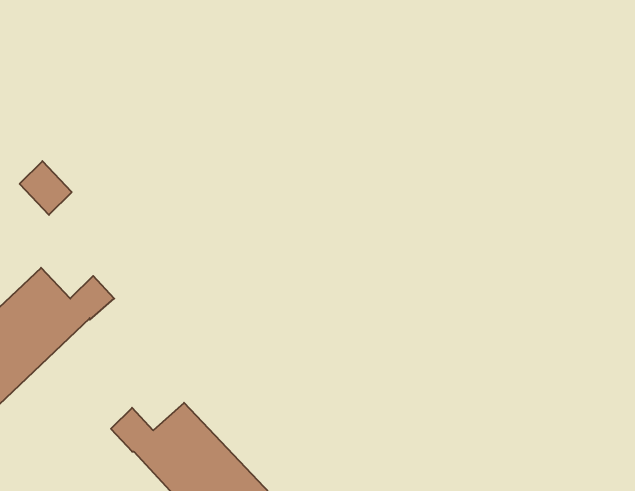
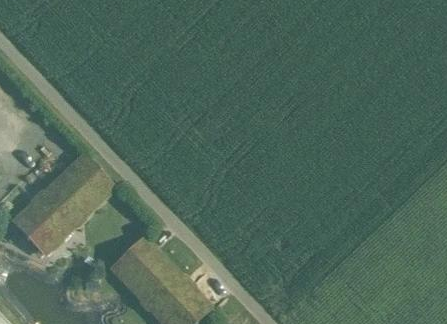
building: [20,161,72,215] -> [68,155,100,188]
building: none -> [124,237,156,269]

